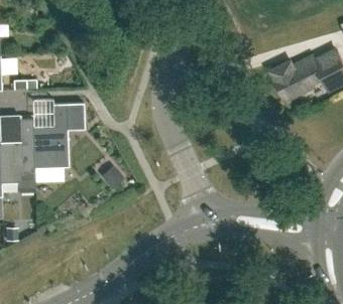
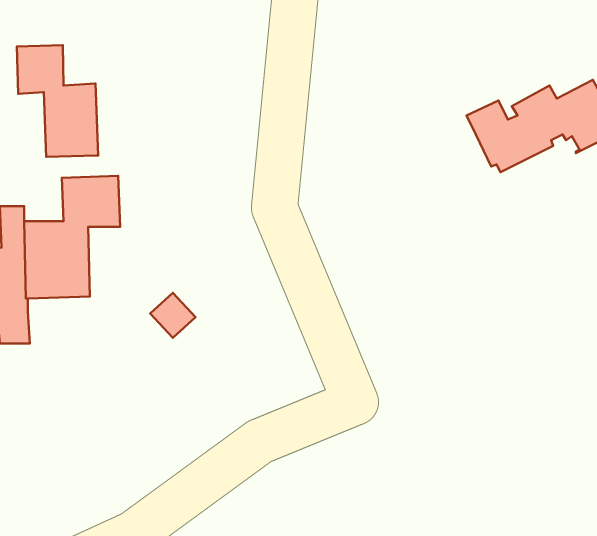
building: none -> [17,45,98,157]

